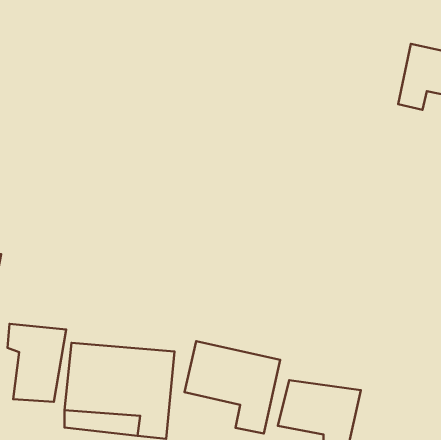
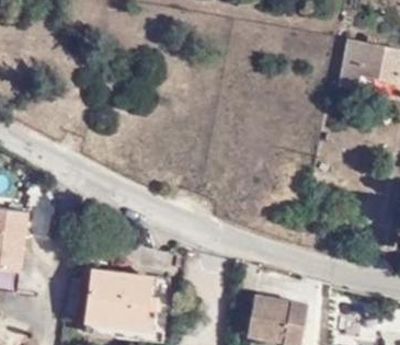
building: [8,324,66,402] -> none
building: [184,341,280,433] -> none

